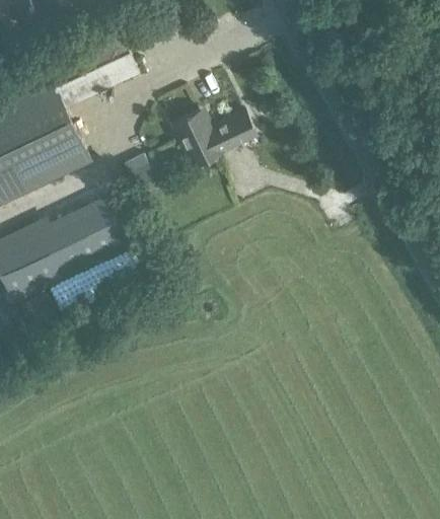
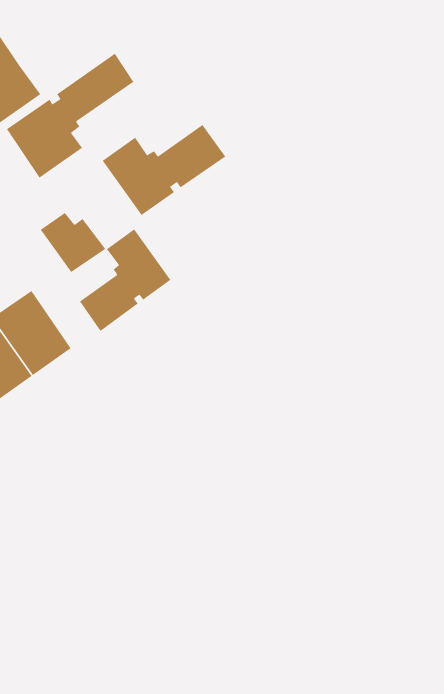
building: none -> [6,53,134,178]
building: none -> [79,228,171,332]

